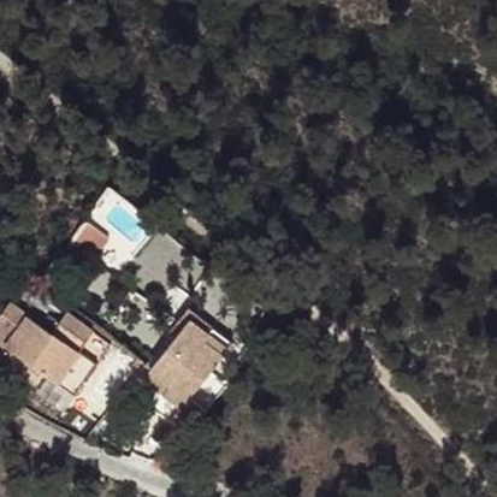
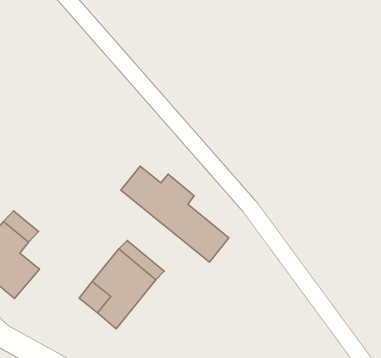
building: none -> [121,166,229,262]

